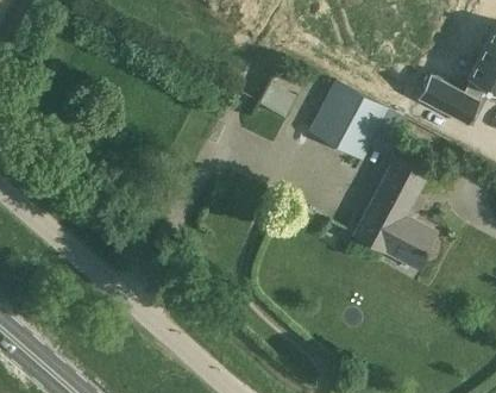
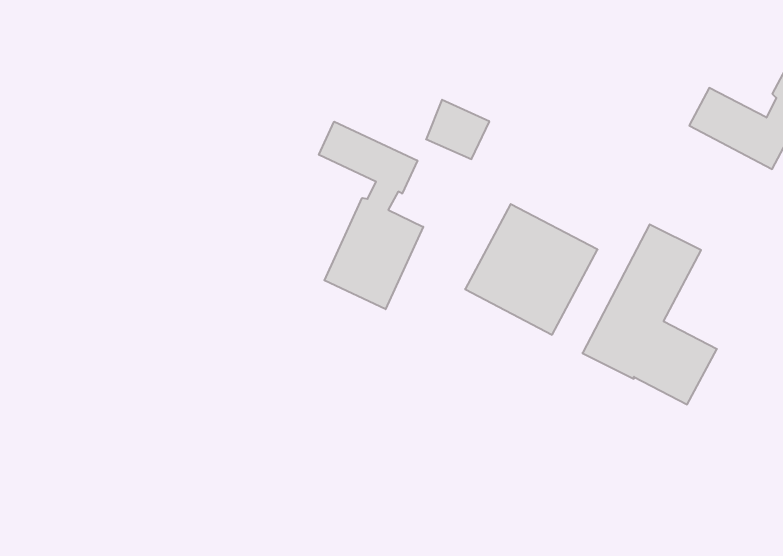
building: [310,82,390,161] -> [465,204,598,335]
building: none -> [319,122,423,309]

